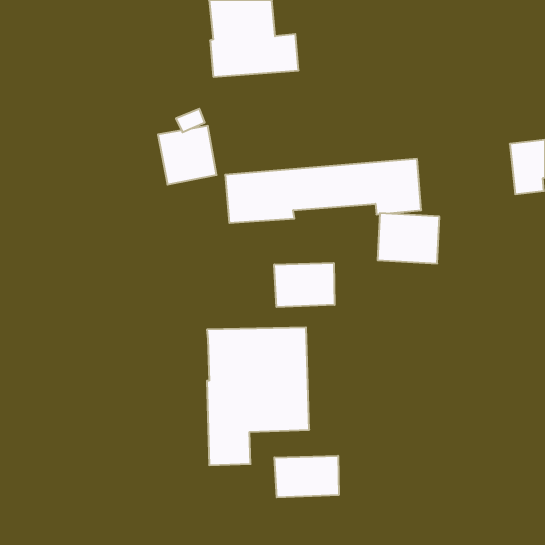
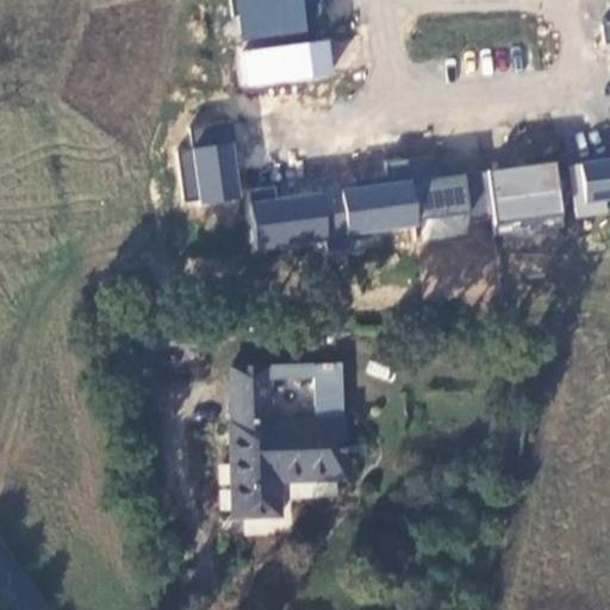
building: none -> [490,163,562,224]
building: [274,263,335,307] -> none
building: [274,456,339,497] -> none

